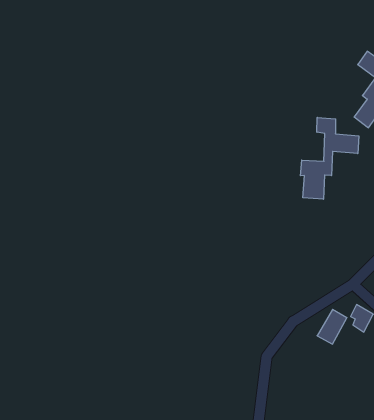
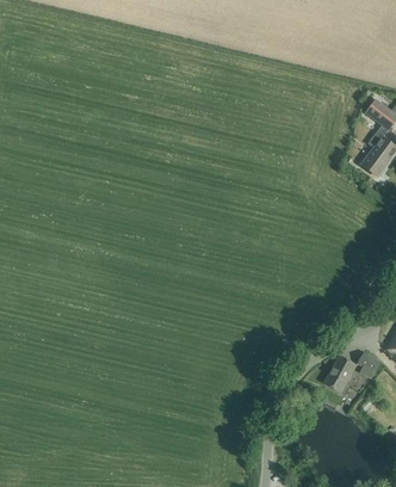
building: [301,117,359,199] -> none

